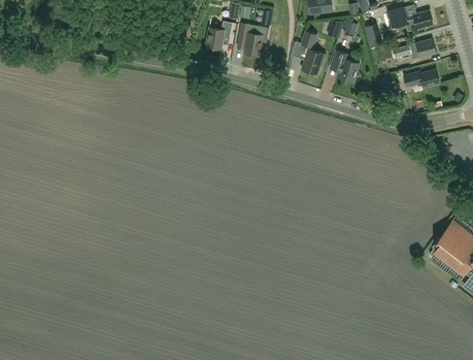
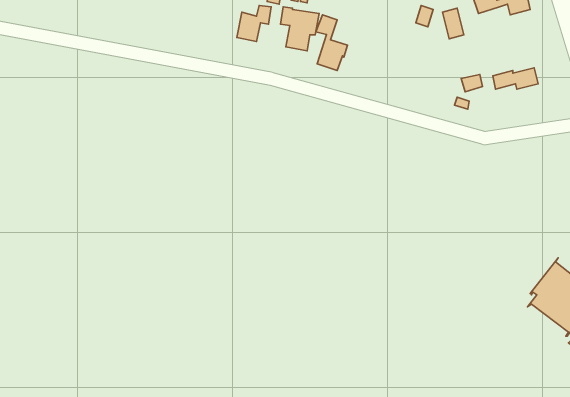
building: [300,31,325,74] -> [316,15,348,70]
building: [391,39,435,59] -> none
building: [331,51,359,83] -> none

